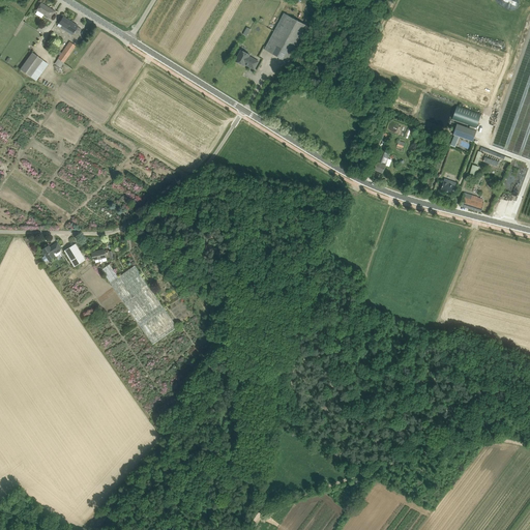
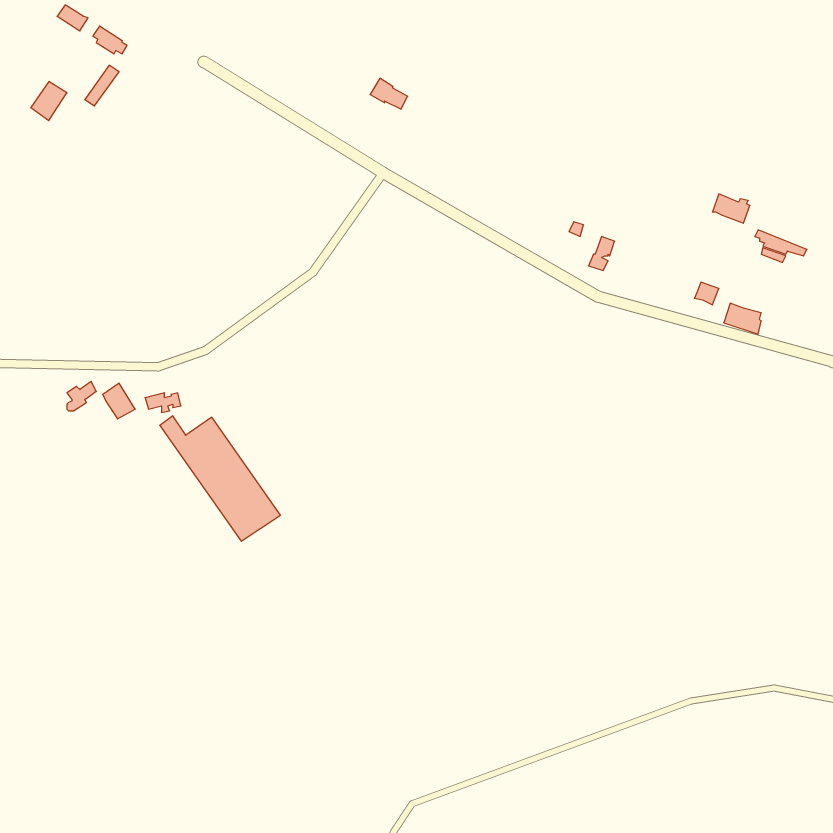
building: [264,12,305,61] -> none
building: [452,105,481,128] -> none

